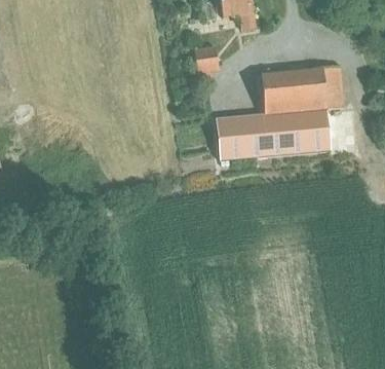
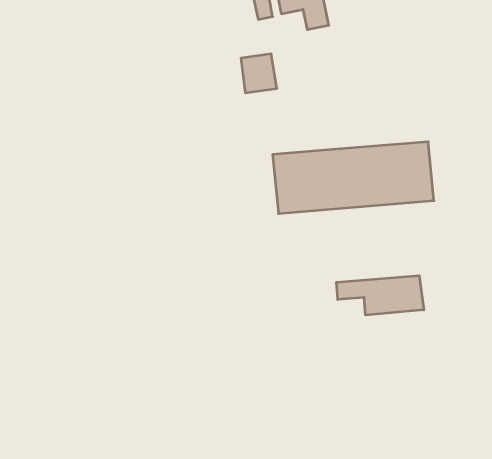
building: [260,67,342,113] -> none
building: none -> [336,276,424,315]

